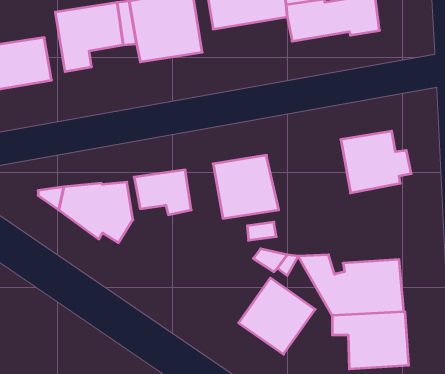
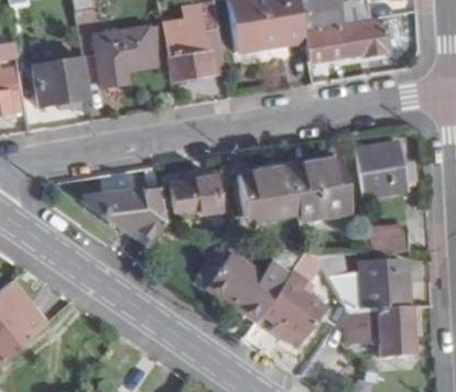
building: none -> [285,156,349,222]
building: none -> [366,225,409,252]
building: none -> [209,254,290,322]

